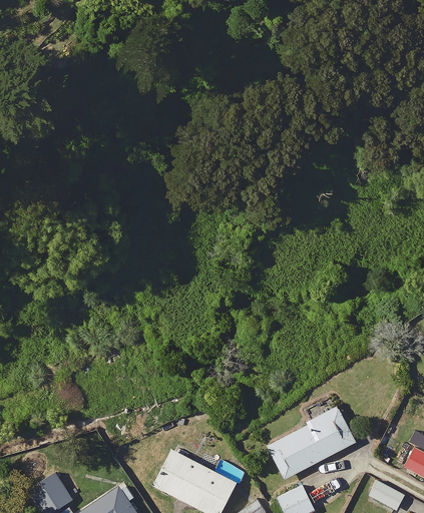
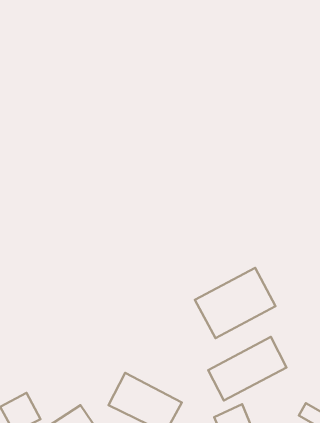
building: none -> [195,268,276,338]

